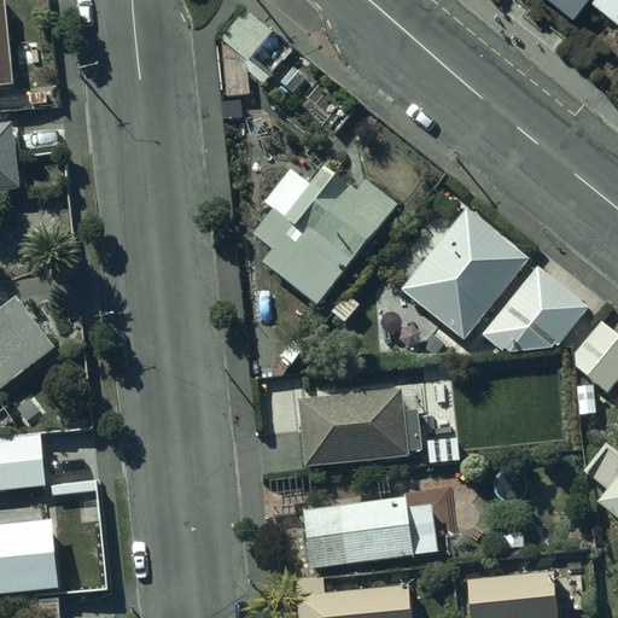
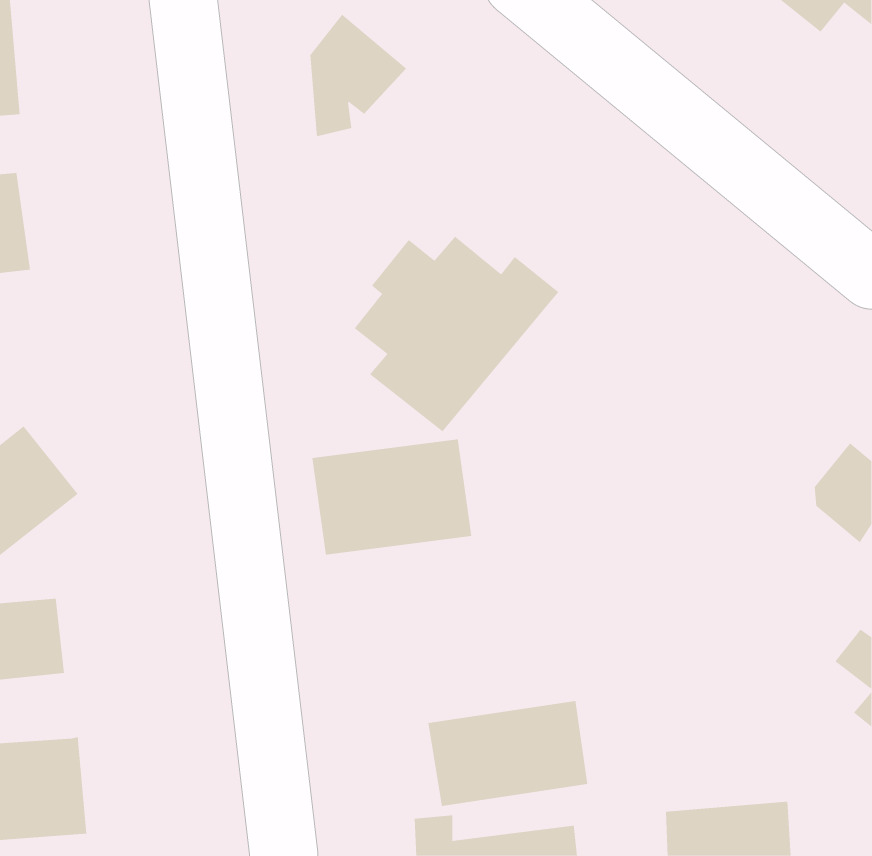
building: [402,208,532,340] -> none
building: [485,266,591,357] -> none
building: [295,387,408,470] -> [311,439,472,555]

